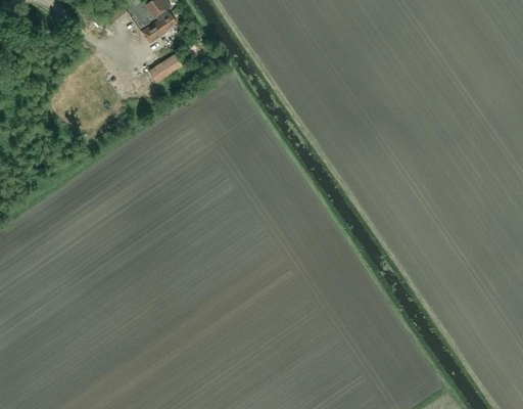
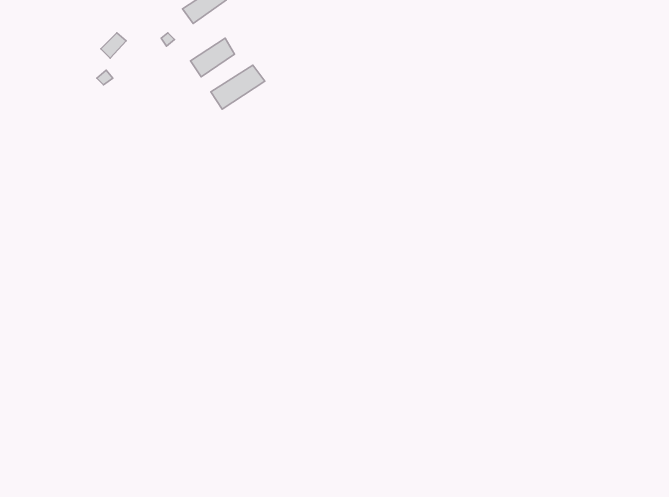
building: none -> [211,65,265,109]

